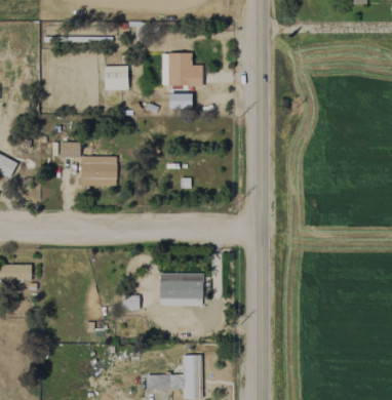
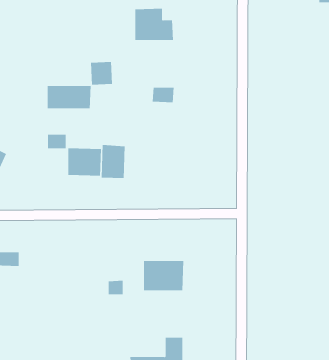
building: [162,52,203,86] -> [134,8,174,41]
building: none -> [47,85,91,109]
building: none -> [101,144,125,179]

